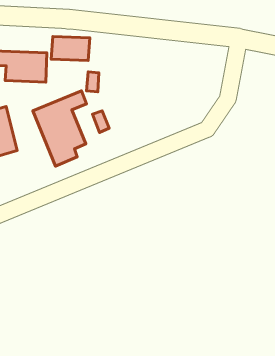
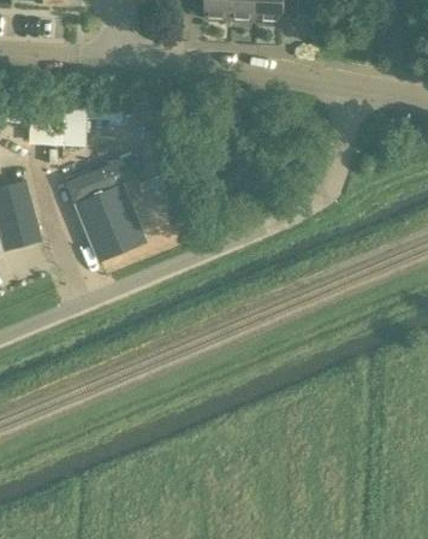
building: [51,36,90,61] -> none

